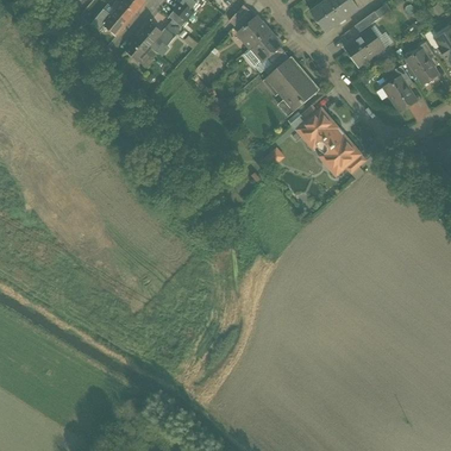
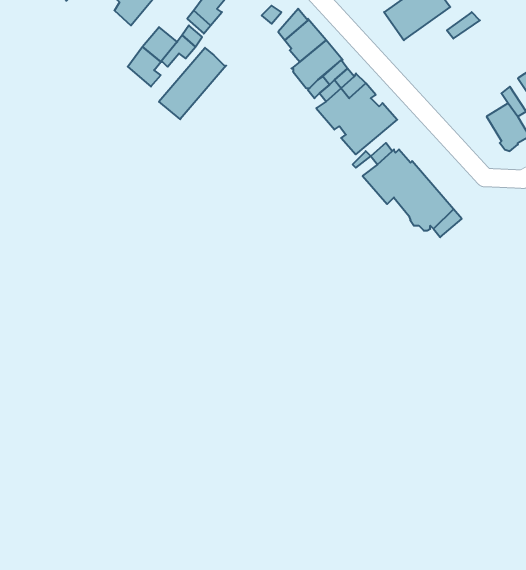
building: [90,10,129,35] -> none
building: [344,29,384,68] -> none
building: none -> [159,48,226,119]

